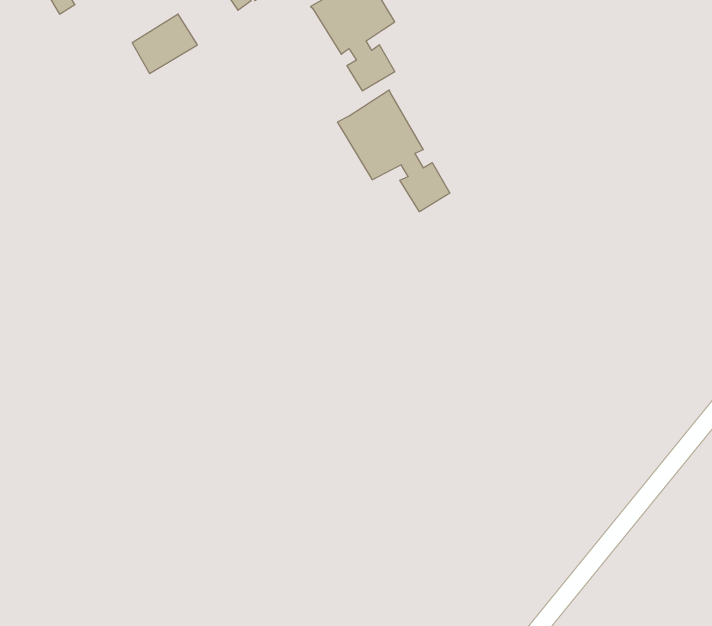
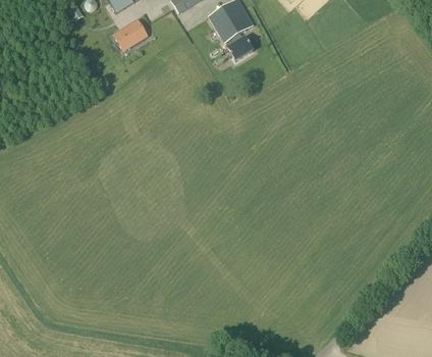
building: [338,90,450,212] -> none

